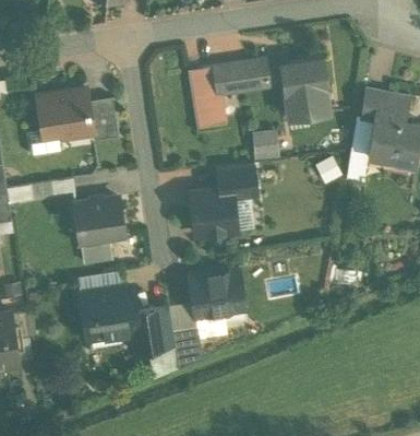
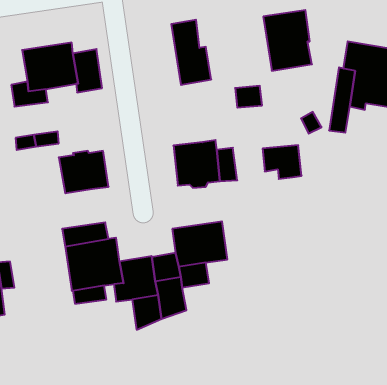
building: [213,56,287,95] -> none
building: [217,164,256,198] -> [263,145,302,179]
building: [81,237,112,263] -> none

